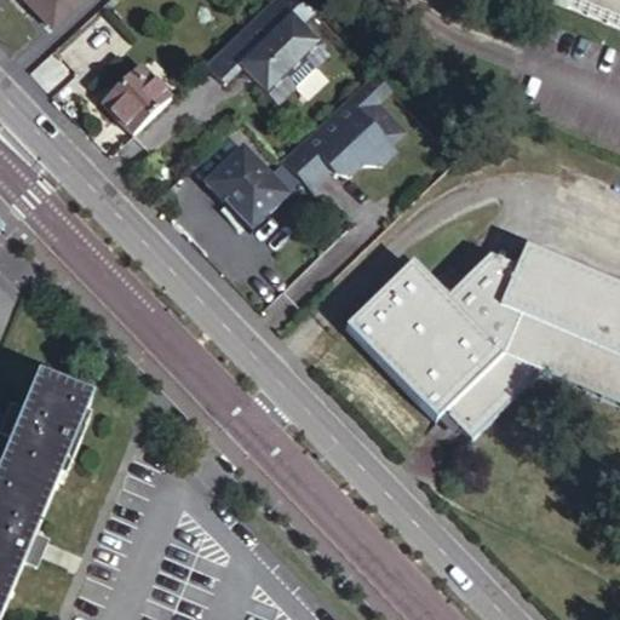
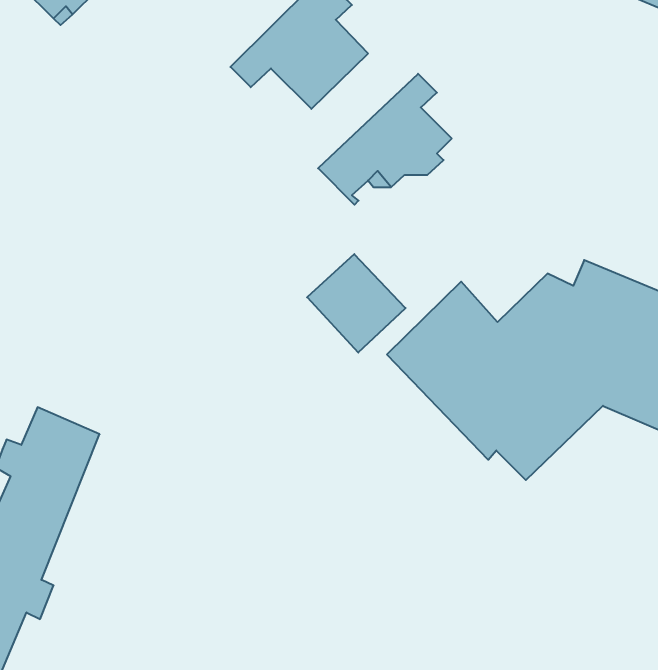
building: [104,65,174,134] -> none
building: [206,143,294,231] -> [307,254,406,353]

